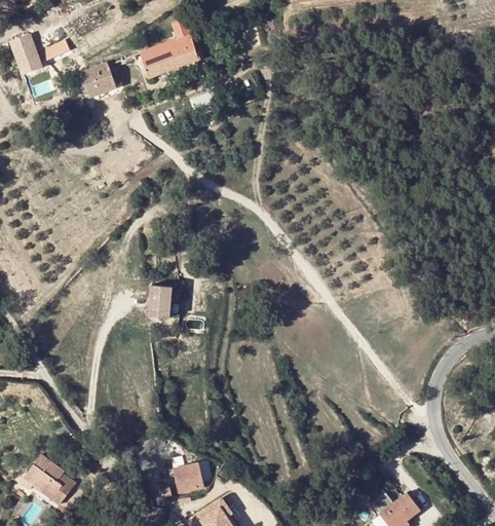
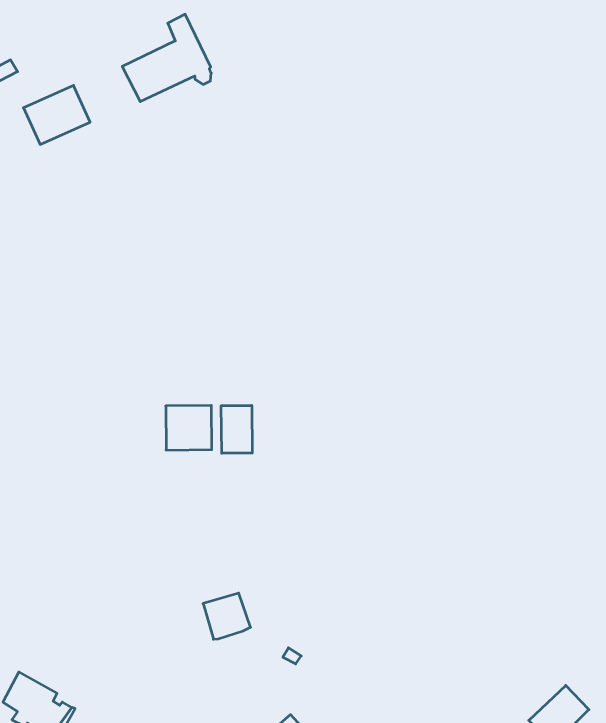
building: none -> [221,405,252,453]
building: [174,465,204,495] -> [203,593,251,639]

